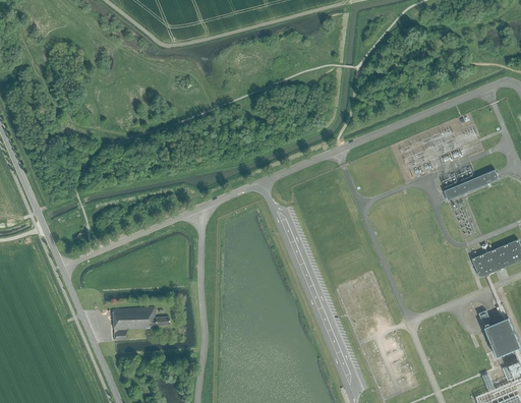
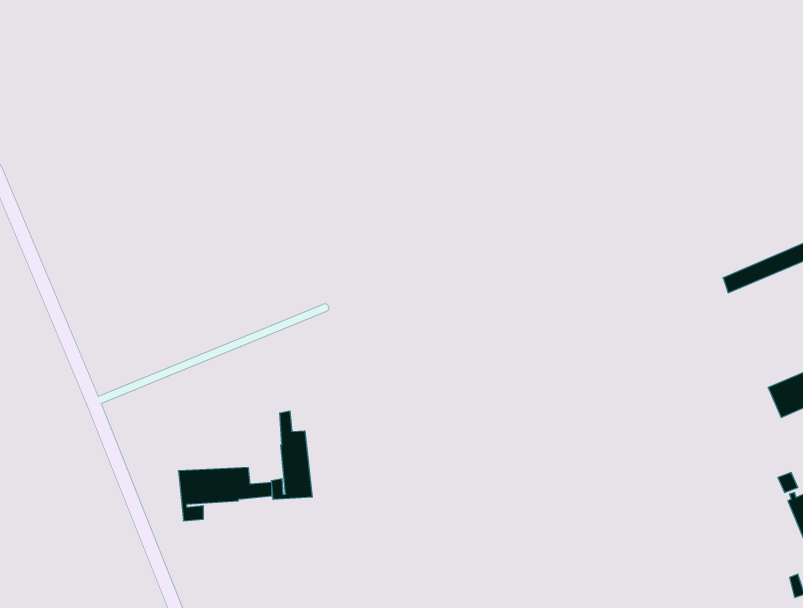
building: none -> [272,411,312,500]

